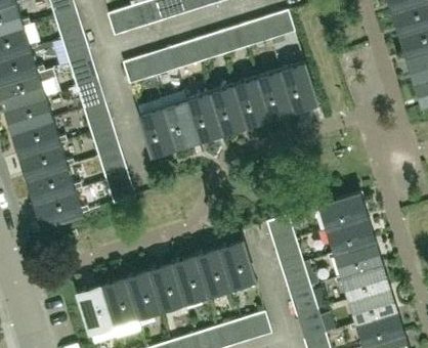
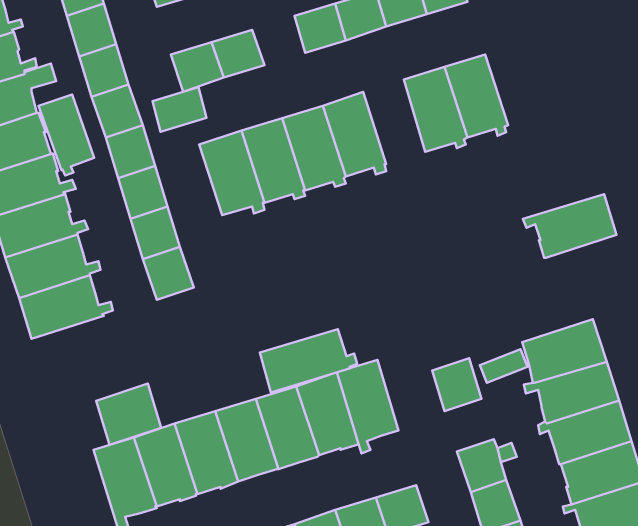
building: [169,39,200,68] -> none
building: [233,76,269,125] -> none
building: none -> [152,87,207,132]
building: none -> [39,94,94,175]
building: [312,191,367,228] -> [523,194,616,258]
building: [266,214,295,245] -> none
building: none -> [260,329,357,393]
building: none -> [96,384,161,445]
building: [281,261,309,292] -> none

